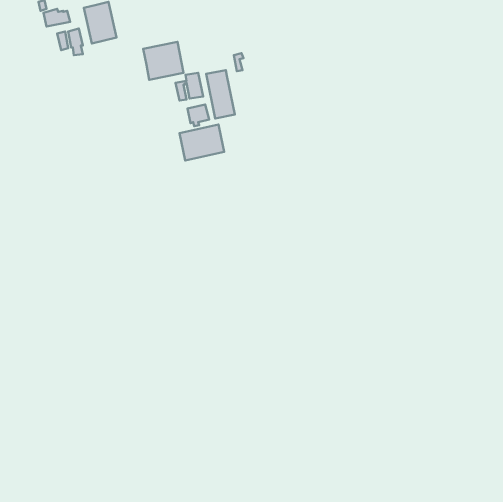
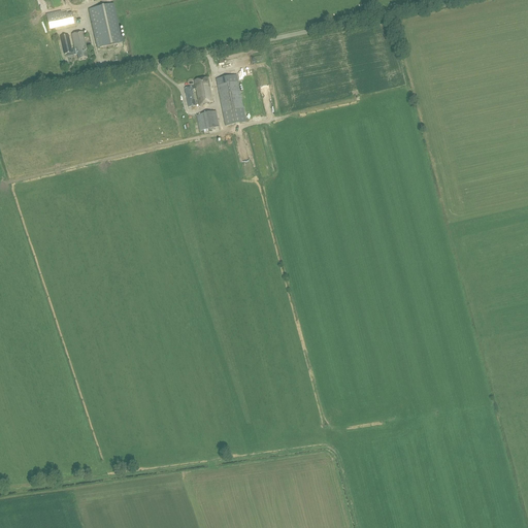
building: [143,42,183,80] -> none
building: [180,124,224,160] -> none

